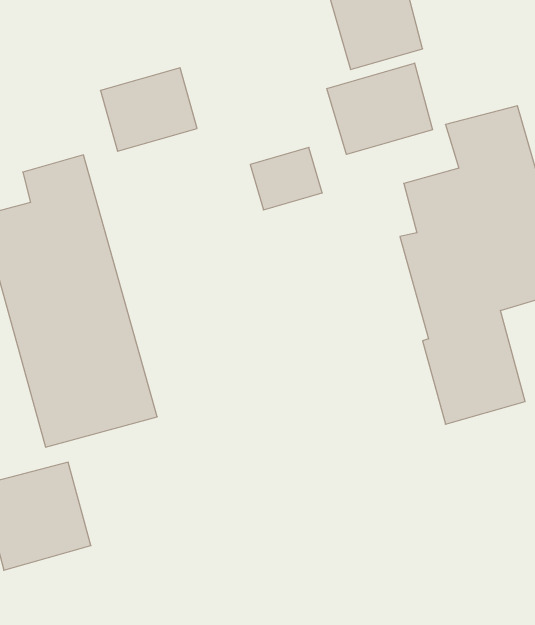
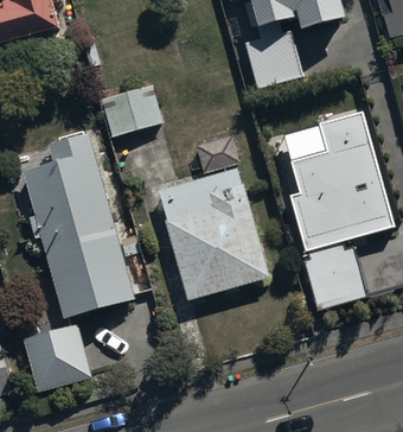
building: [327,63,432,154] -> none
building: none -> [158,171,268,300]

